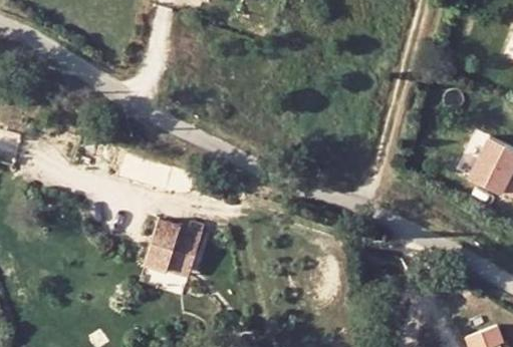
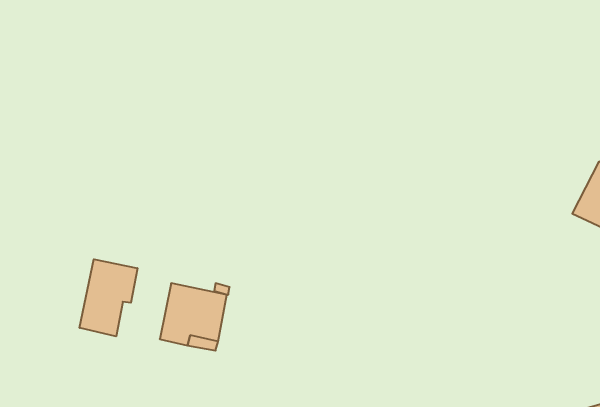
building: none -> [80,259,137,336]

